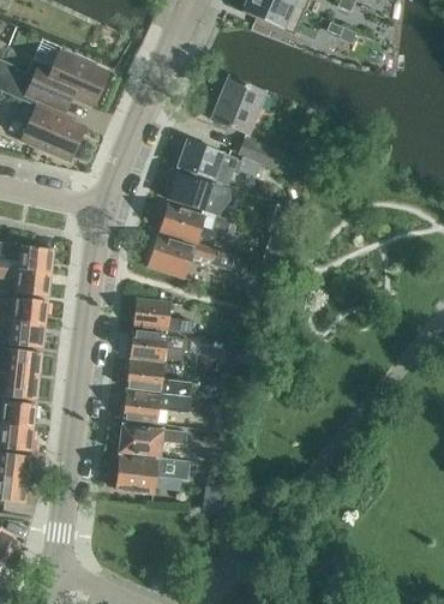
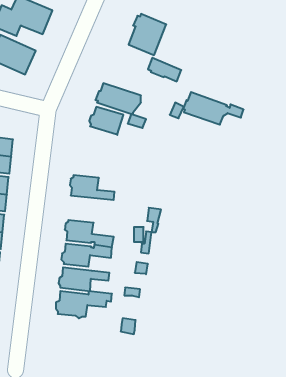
building: [176,139,259,184] -> [183,92,244,125]
building: [146,235,234,276] -> none
building: [126,330,190,361] -> none

